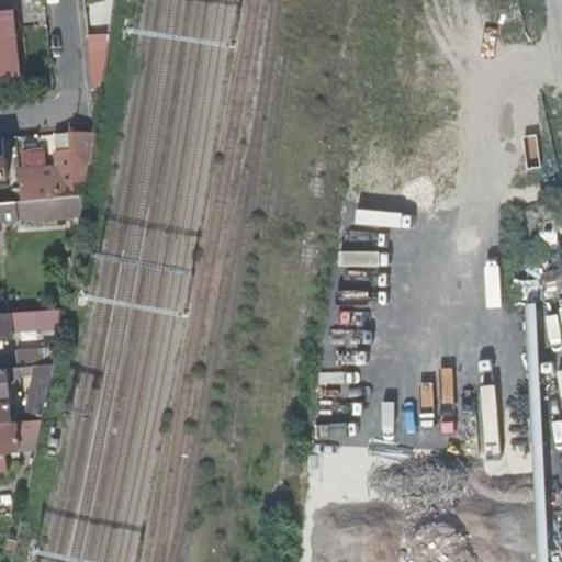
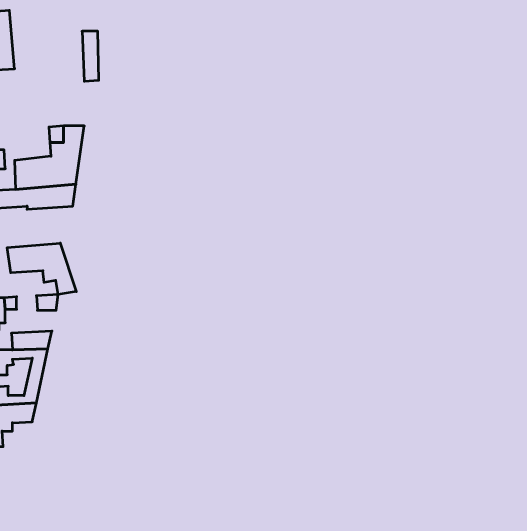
building: none -> [7,243,76,295]

